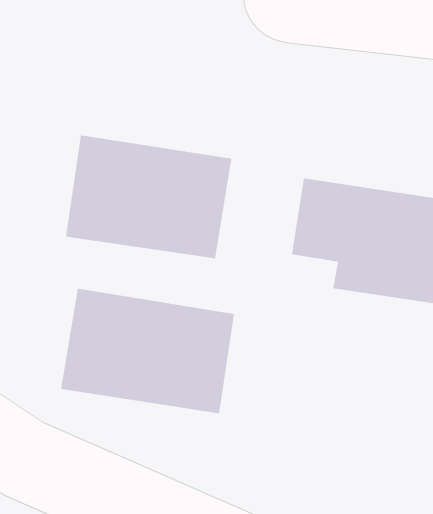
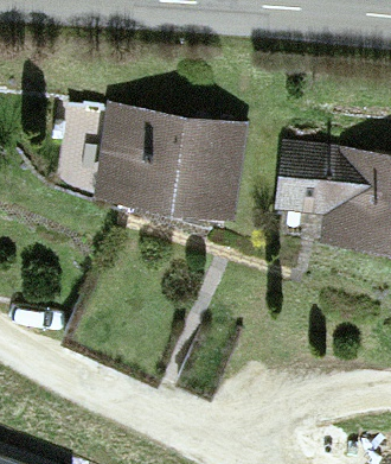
building: [61,288,235,414] -> none

